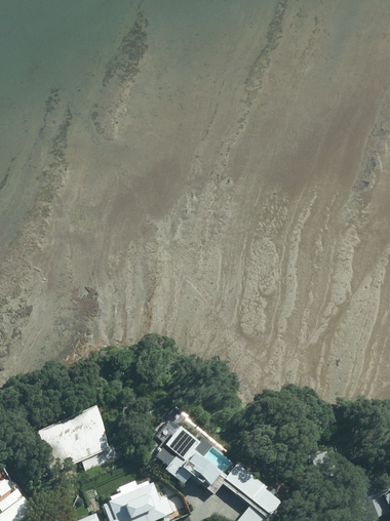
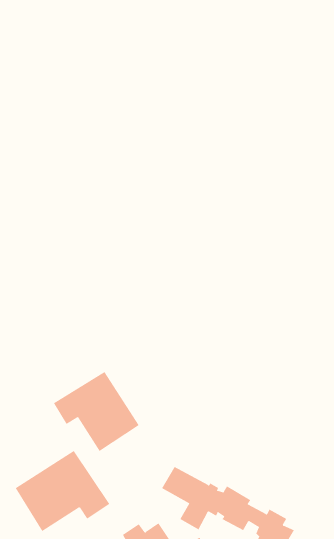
building: none -> [53,371,139,452]

